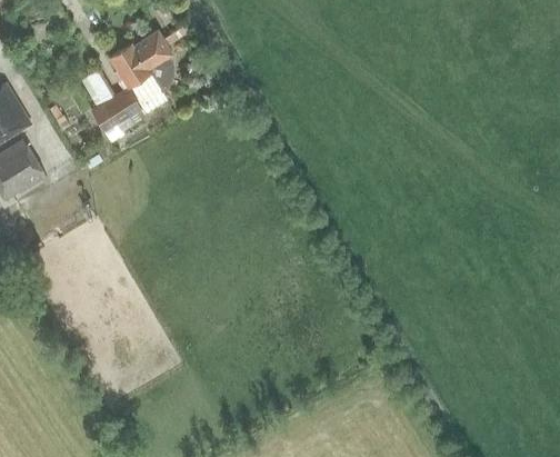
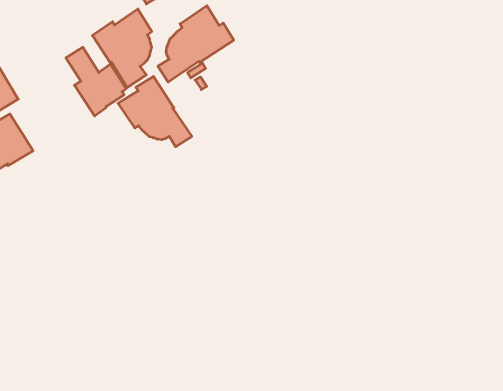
building: none -> [158,6,234,82]
building: none -> [118,76,192,147]

